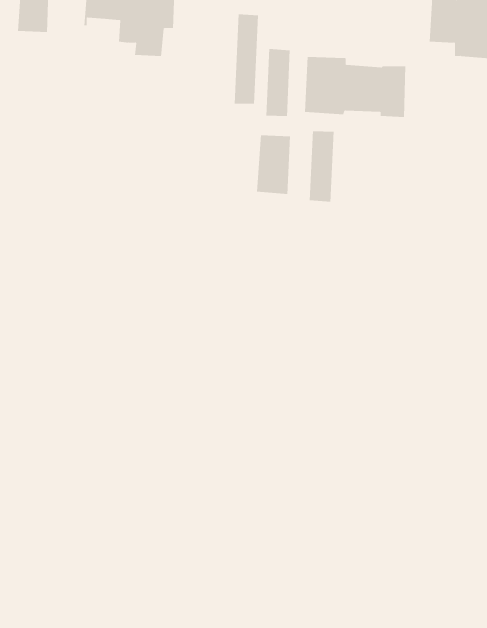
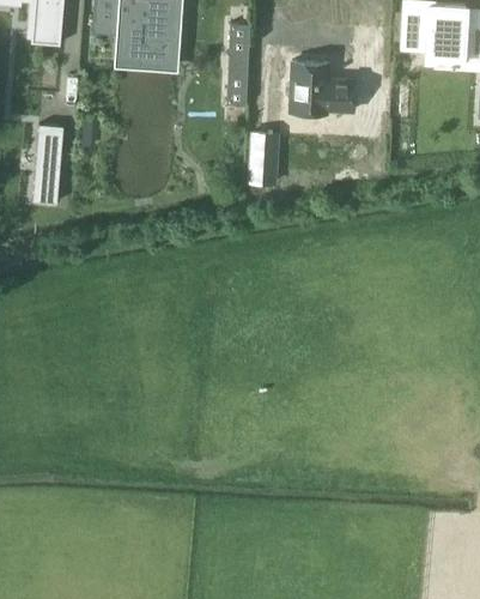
building: [266,48,290,117] -> none
building: none -> [34,126,63,204]
building: [309,130,334,202] -> none

